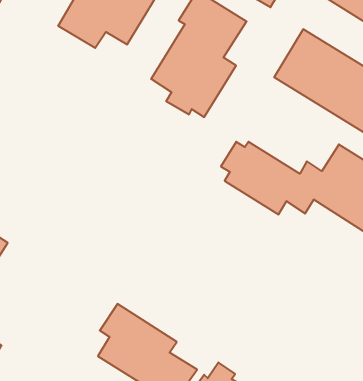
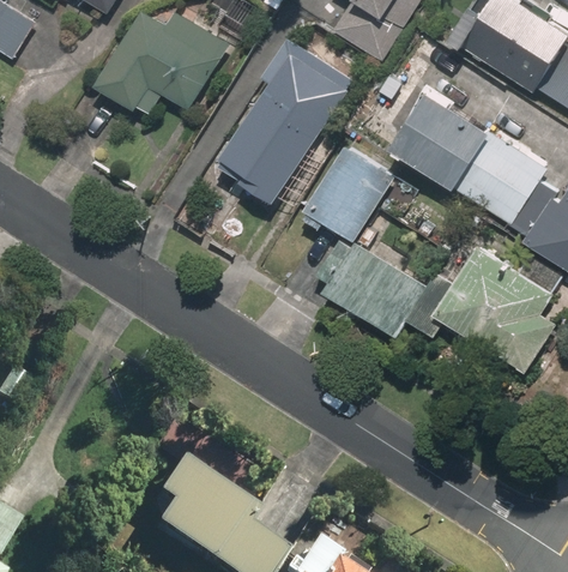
building: none -> [301,145,394,242]

